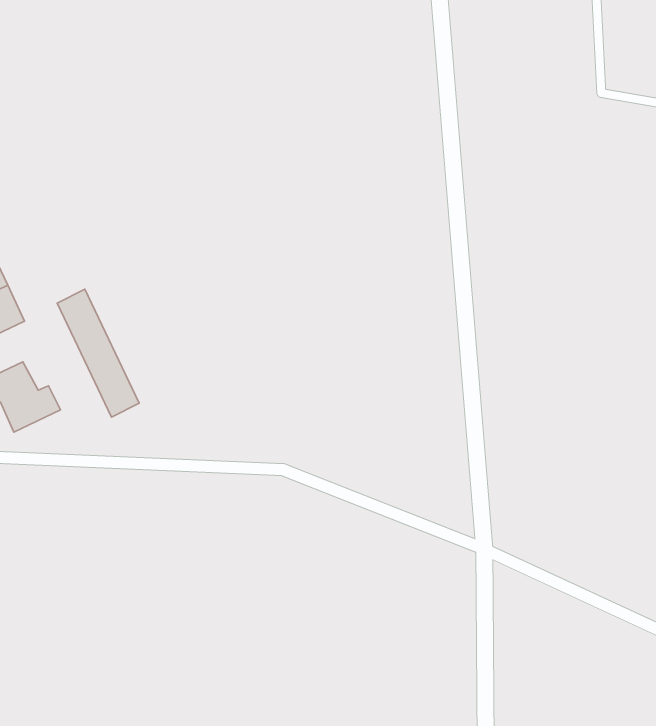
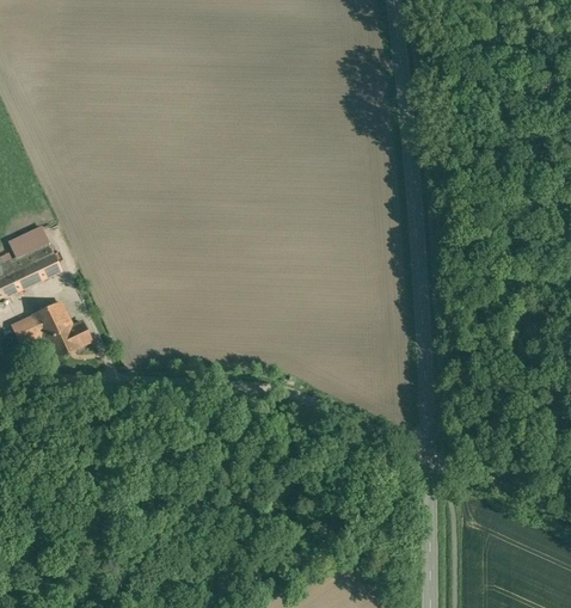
building: [57,289,139,417] -> none

